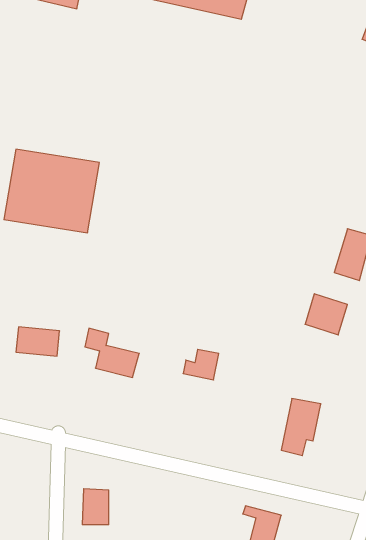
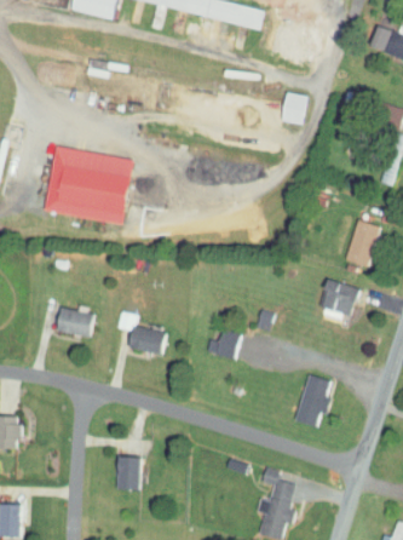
building: none -> [281,91,306,123]

